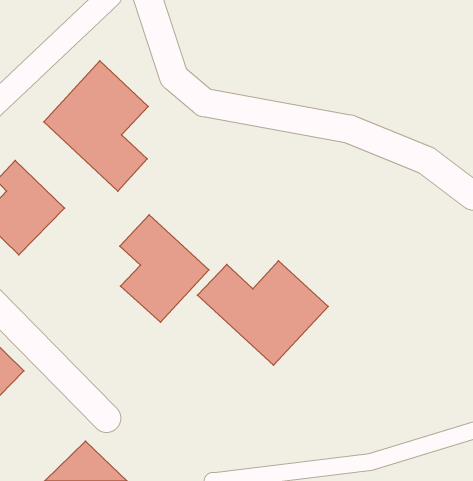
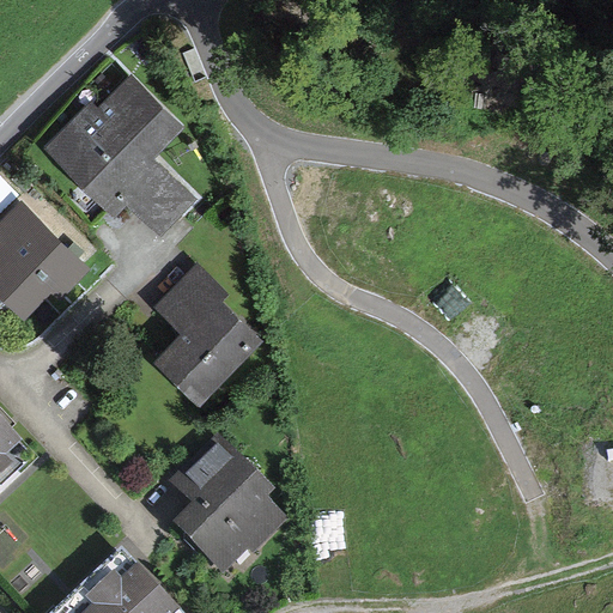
building: [198,261,328,365] -> none
building: none -> [168,441,280,564]

